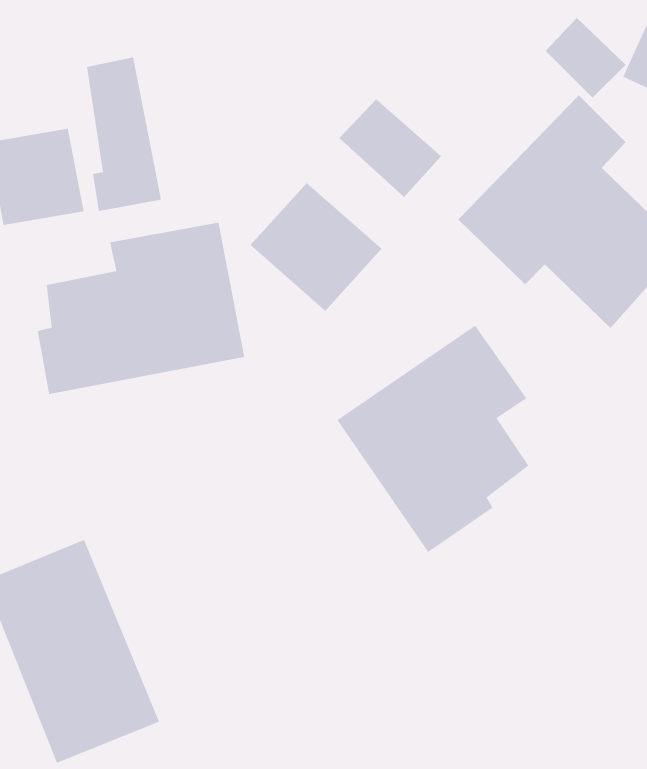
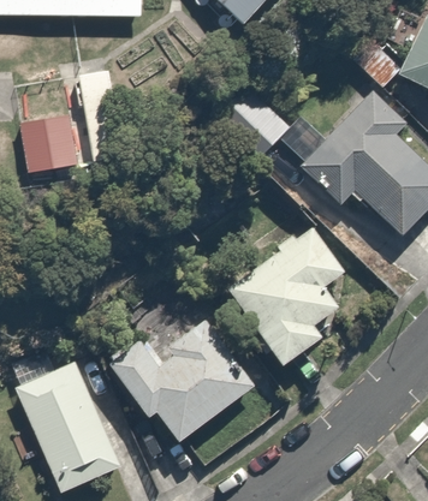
building: [249,182,383,312] -> none
building: [37,222,245,395] -> none
building: none -> [109,314,258,446]

